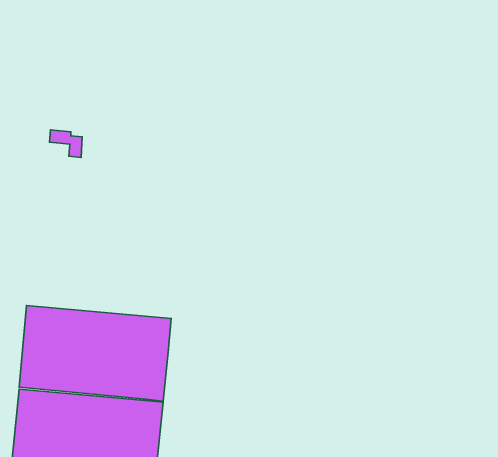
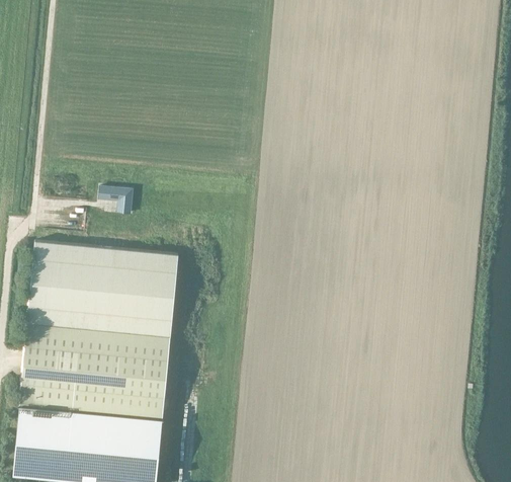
building: [50,130,82,157] -> [98,186,131,214]
building: none -> [26,242,177,336]

